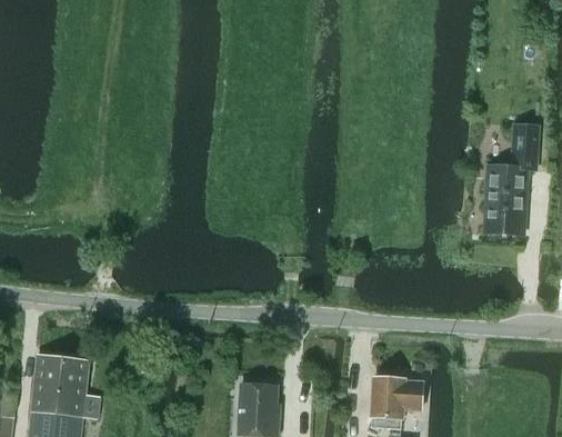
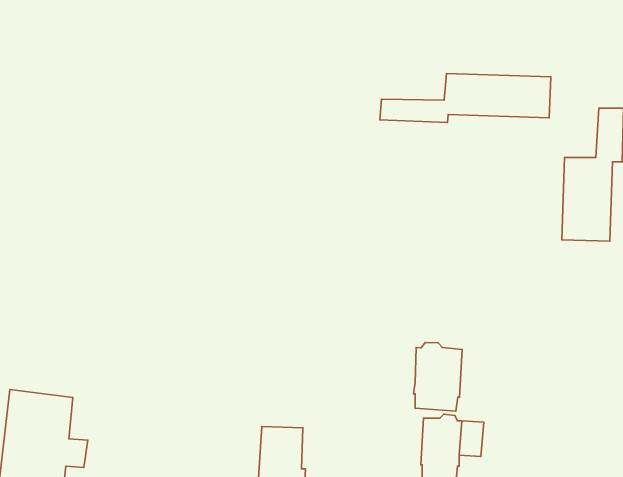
building: none -> [380,73,551,123]
building: none -> [414,343,462,411]

